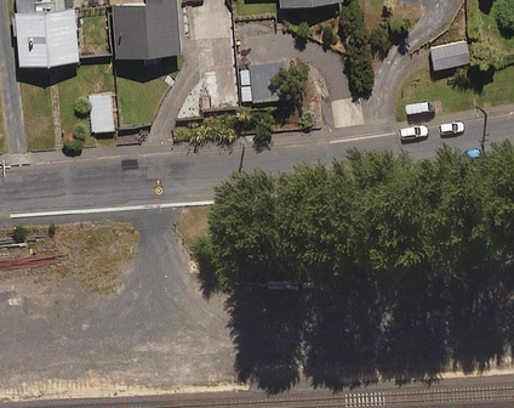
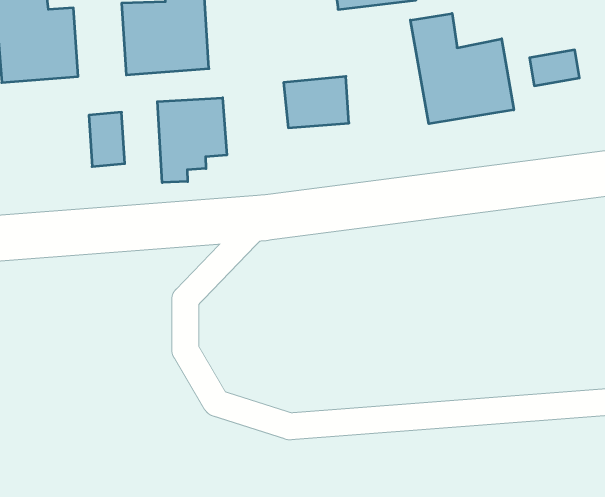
building: none -> [410,13,514,124]
building: none -> [157,98,227,183]

